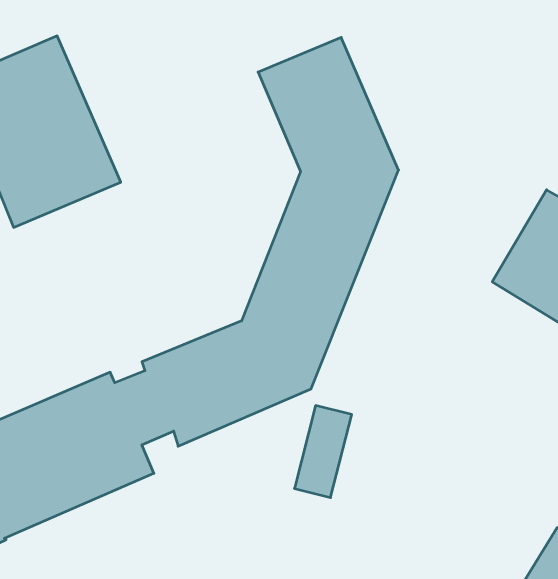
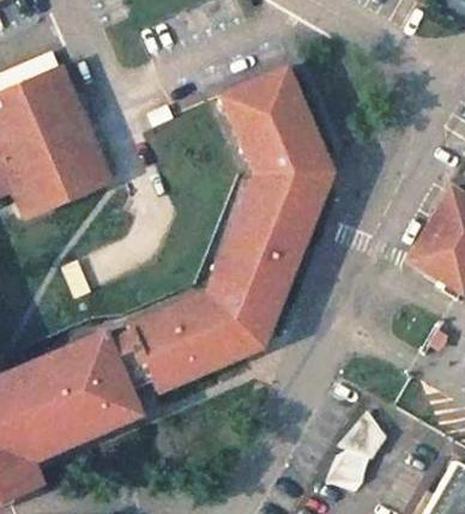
building: [294,406,352,498] -> [332,418,378,491]

